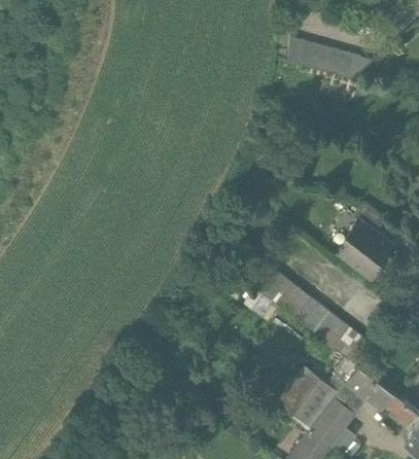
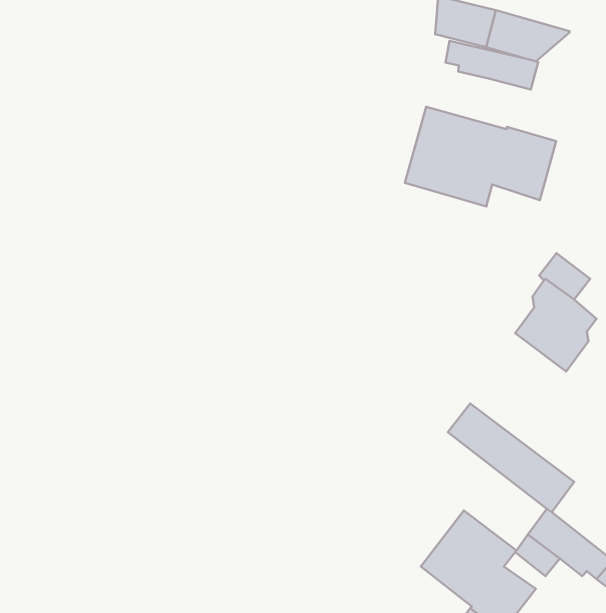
building: none -> [445,41,538,90]
building: none -> [405,107,556,207]
building: [256,269,310,318] -> none

